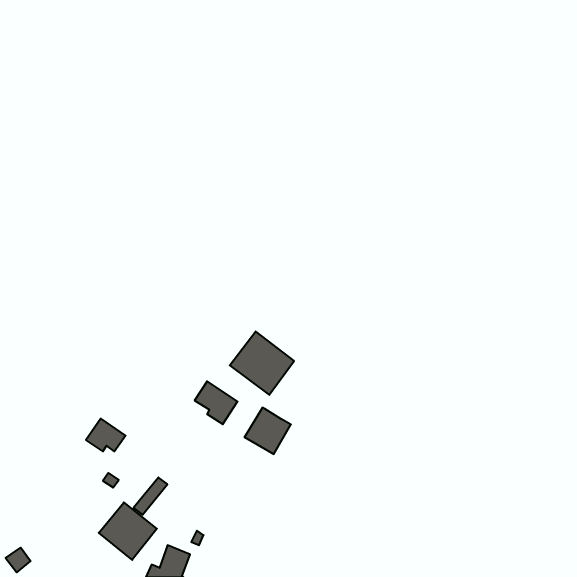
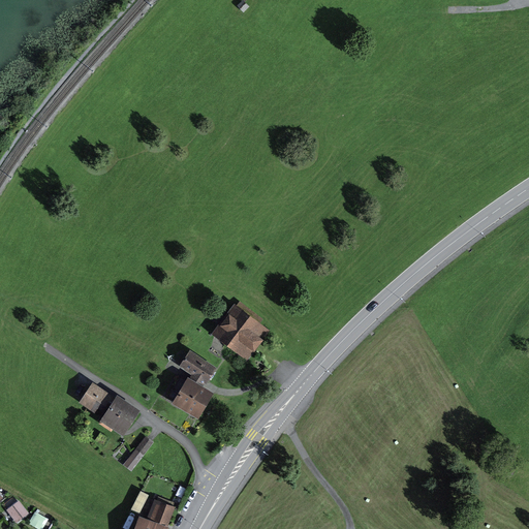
building: [244,408,291,454] -> [170,377,213,419]
building: none -> [99,396,139,436]
building: [99,502,157,560] -> none

